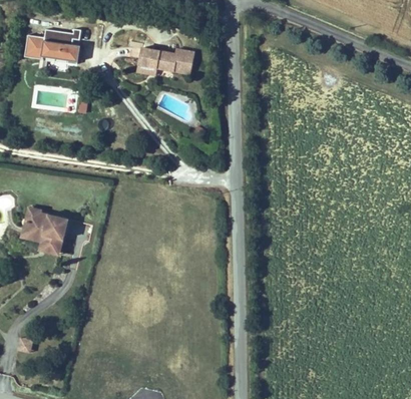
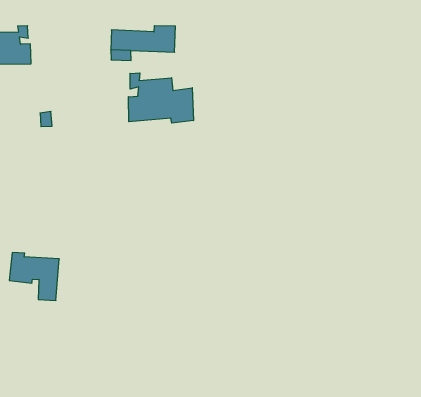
building: none -> [128,73,193,123]
building: [26,211,65,259] -> none

